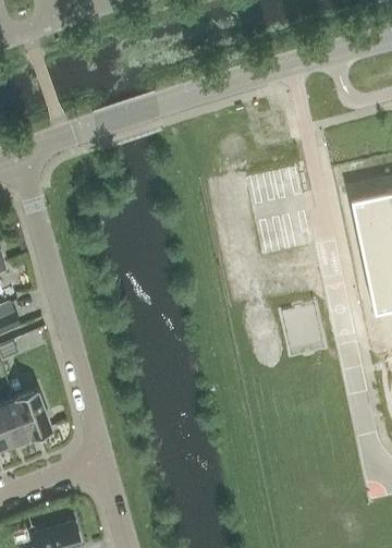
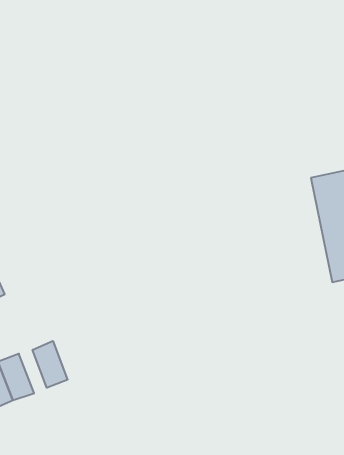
building: none -> [33,341,68,388]

